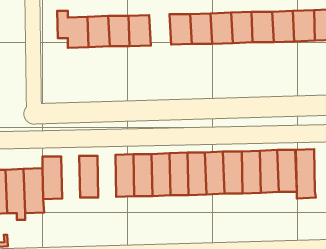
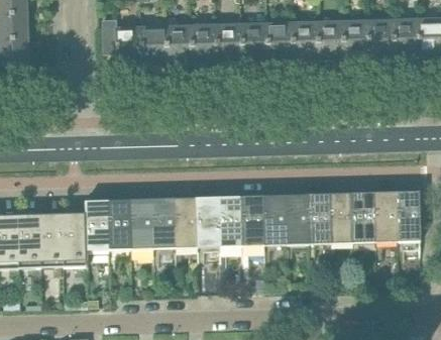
building: none -> [216,24,243,63]
building: none -> [152,197,176,249]
building: none -> [108,198,131,250]

